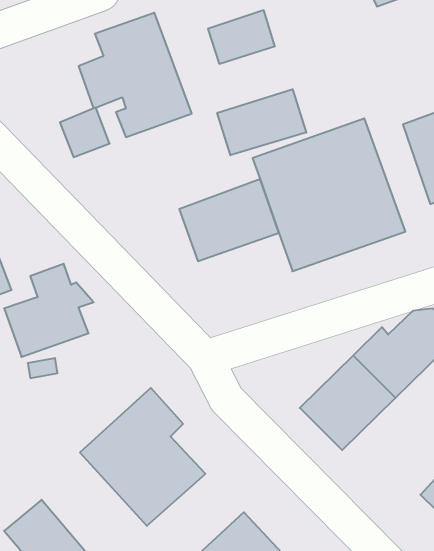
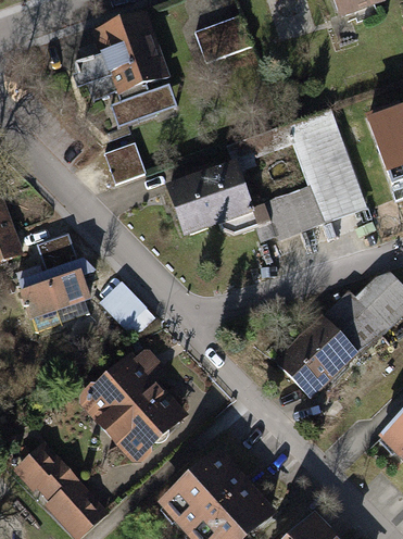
building: [217,89,306,155] -> none
building: [60,108,110,157] -> [104,142,148,186]
building: none -> [101,283,155,337]

